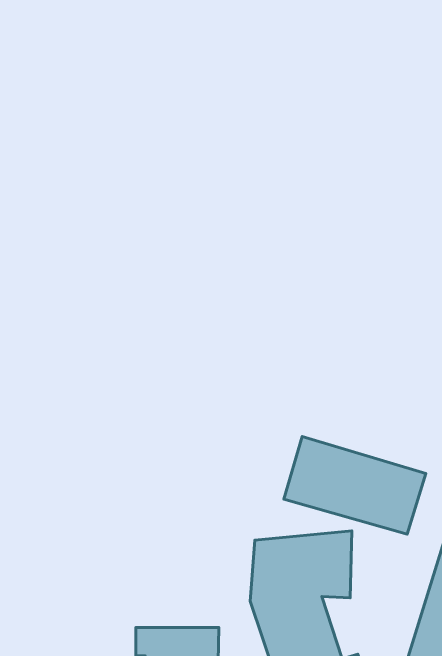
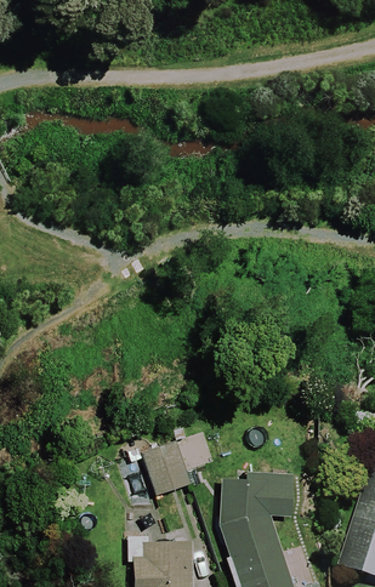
building: [284,437,426,534] -> none
building: none -> [142,439,203,501]

